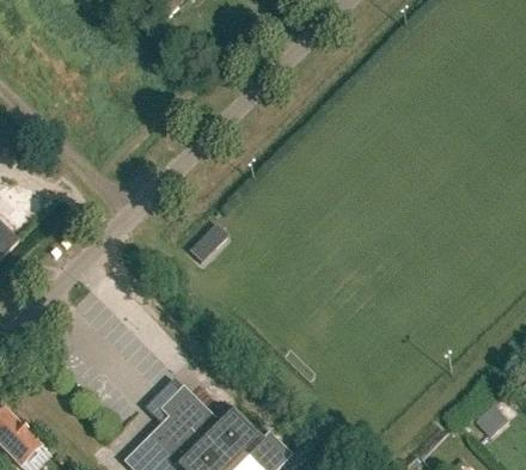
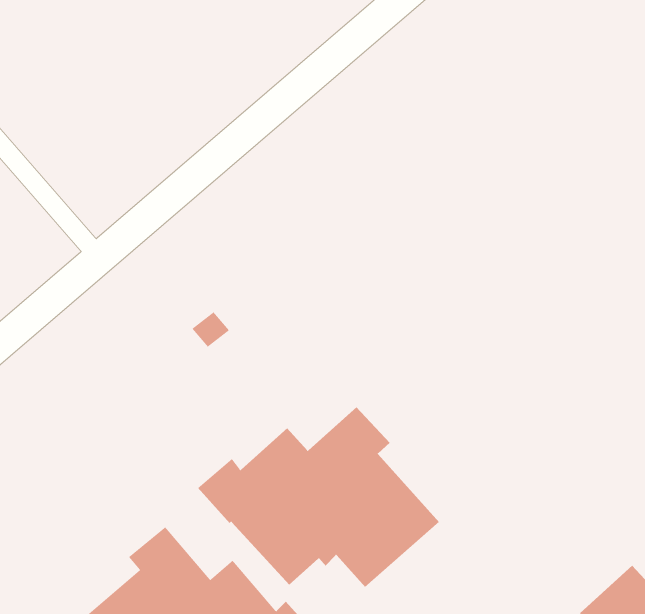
building: none -> [197,406,440,588]

